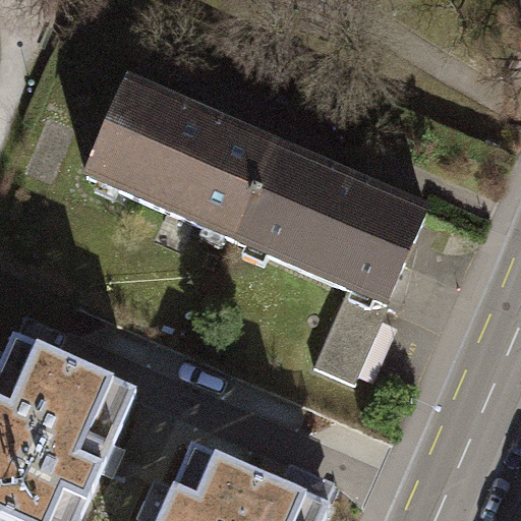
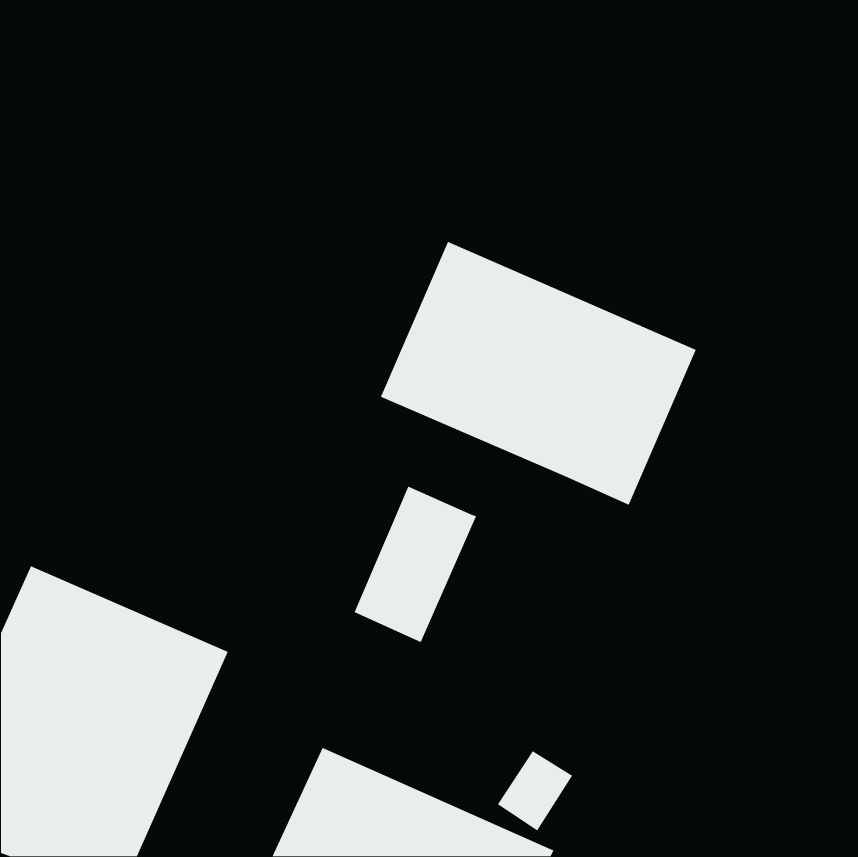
building: [83,79,274,238] -> none
building: [311,286,386,381] -> [353,485,477,643]

